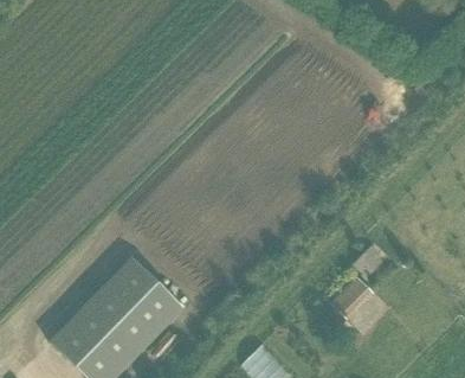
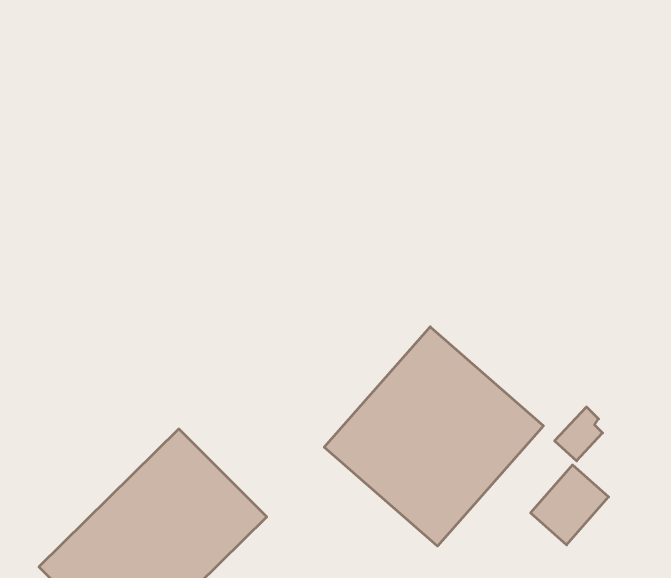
building: none -> [324,327,543,546]

